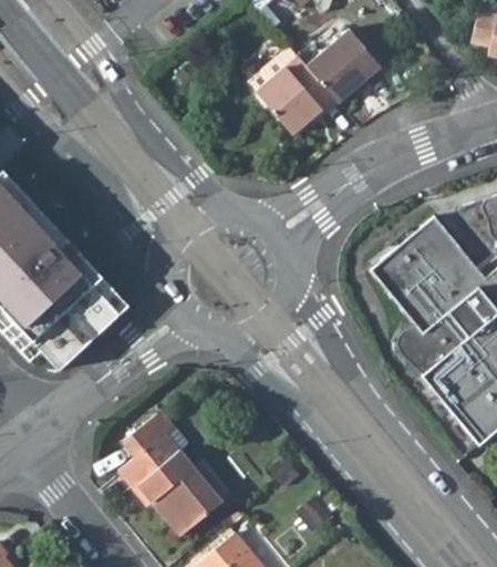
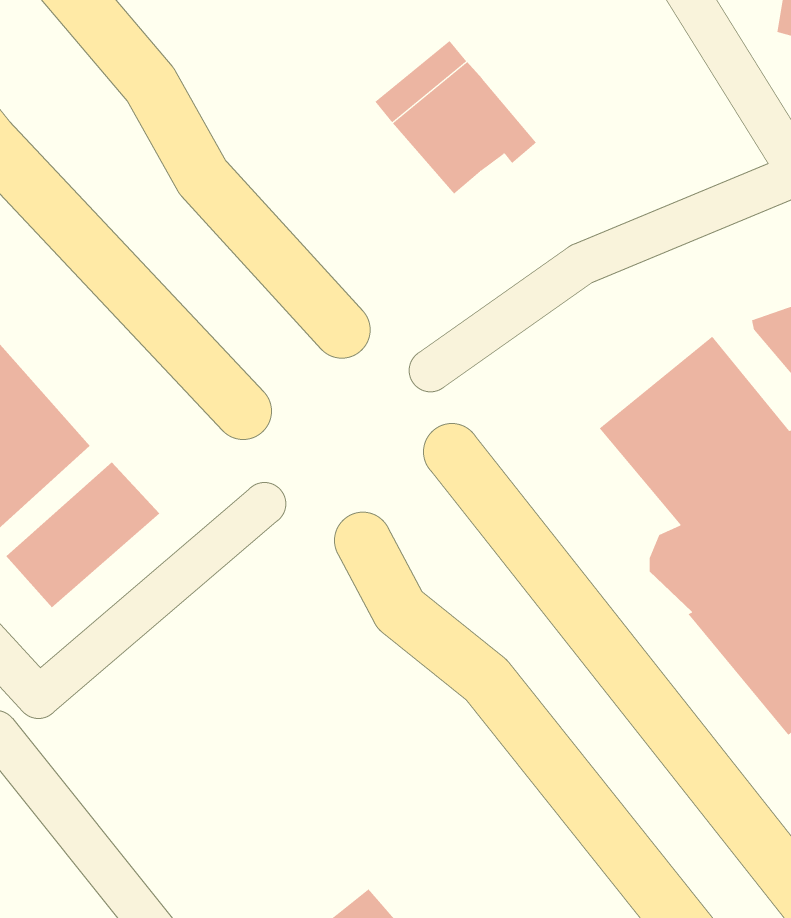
building: [306,34,382,104] -> none
building: [125,409,224,534] -> none

